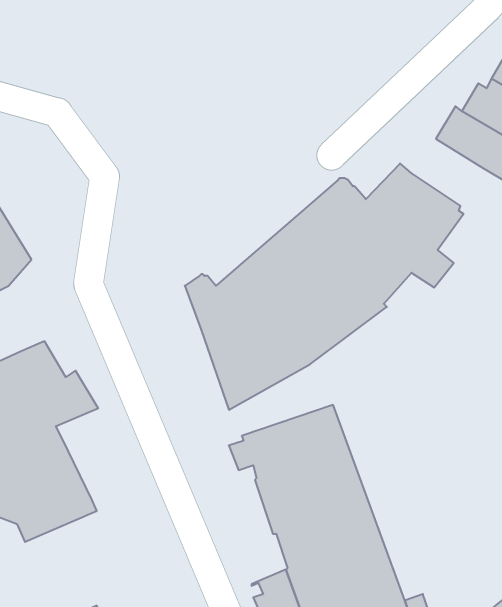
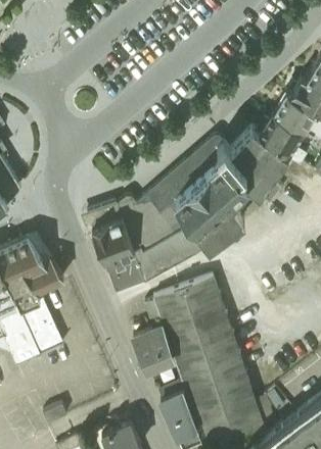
building: none -> [259,112,304,157]
building: none -> [87,203,144,293]
building: none -> [133,327,172,370]

